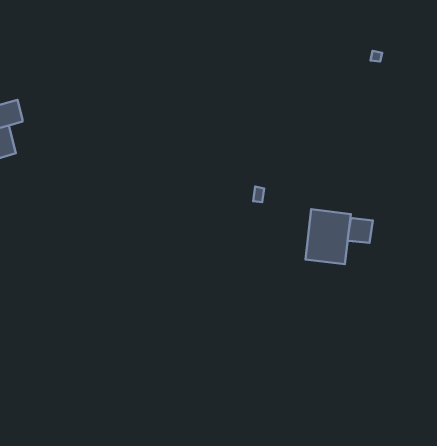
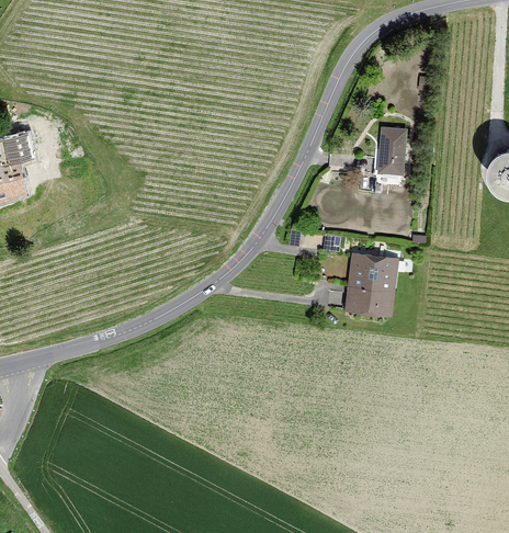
building: none -> [378,129,405,174]
building: [348,218,373,243] -> none

